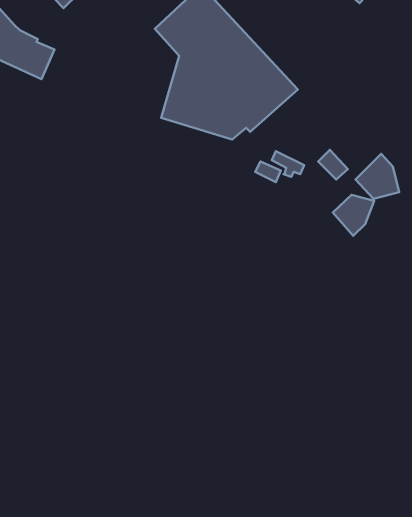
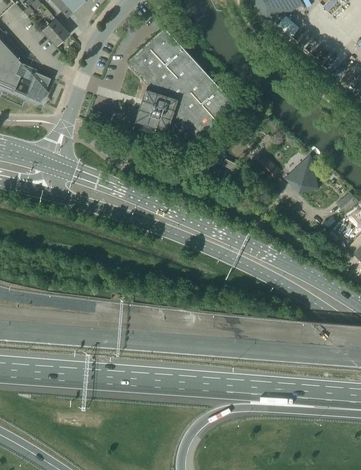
building: [333,195,374,236] -> none

